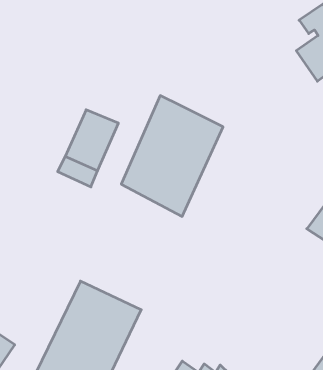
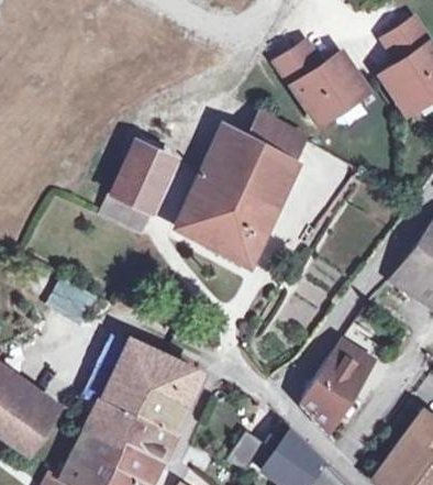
building: none -> [276,42,362,119]
building: none -> [247,112,307,161]
building: none -> [304,326,382,429]

